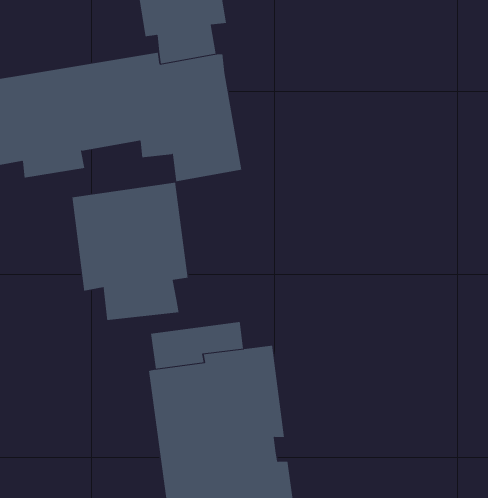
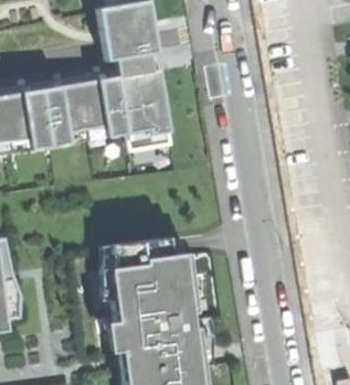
building: [72,182,188,321] -> none

